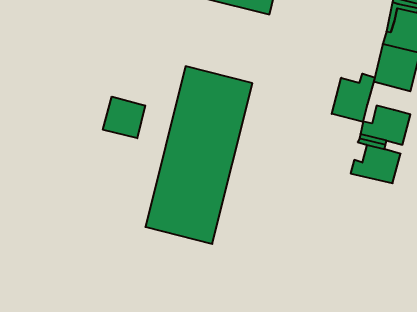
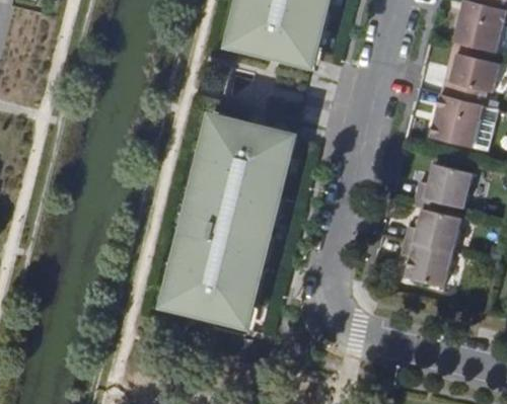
building: [332,74,375,122] -> none
building: [103,97,145,138] -> none
building: none -> [401,240,451,286]

